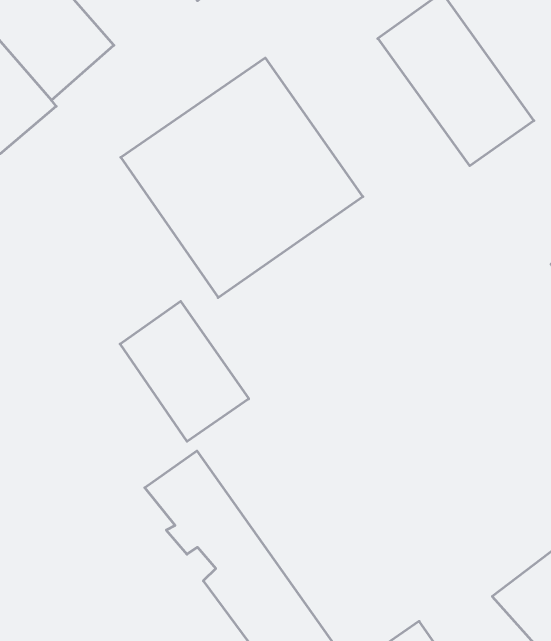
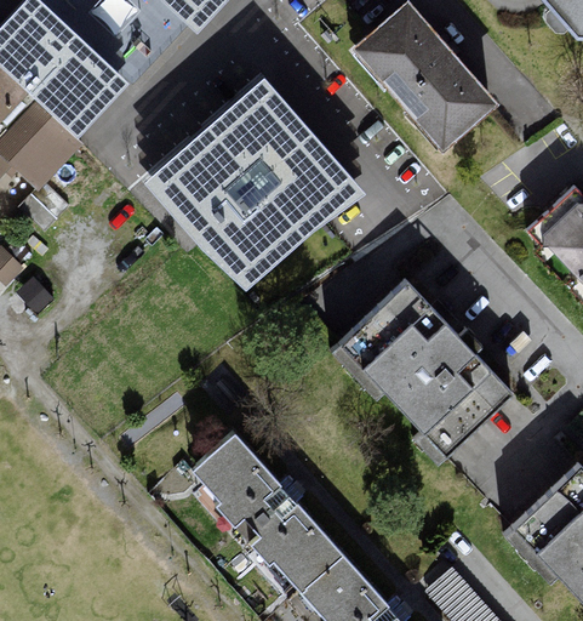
building: [120,301,249,441] -> none
building: none -> [333,283,516,457]

